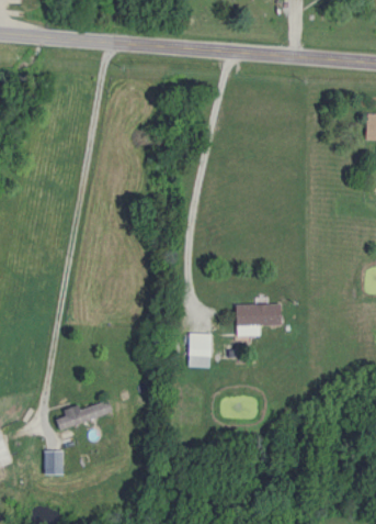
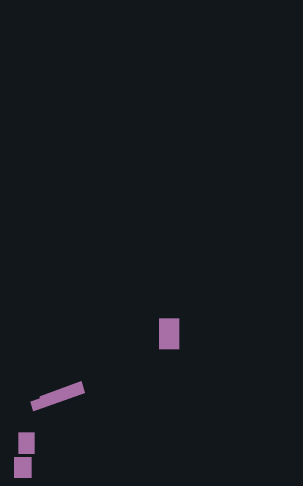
building: [236,303,282,335] -> none
building: none -> [13,456,33,479]

